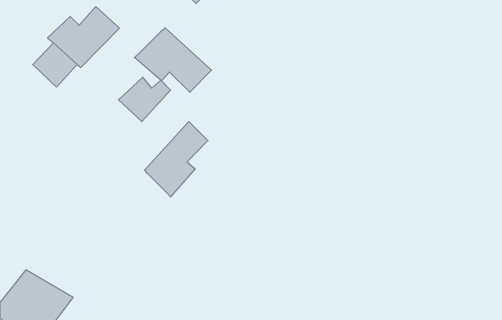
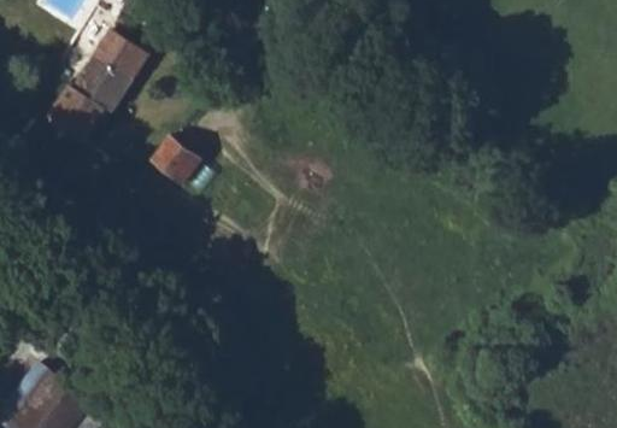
building: [134,28,212,92] -> none
building: [145,122,208,197] -> none

